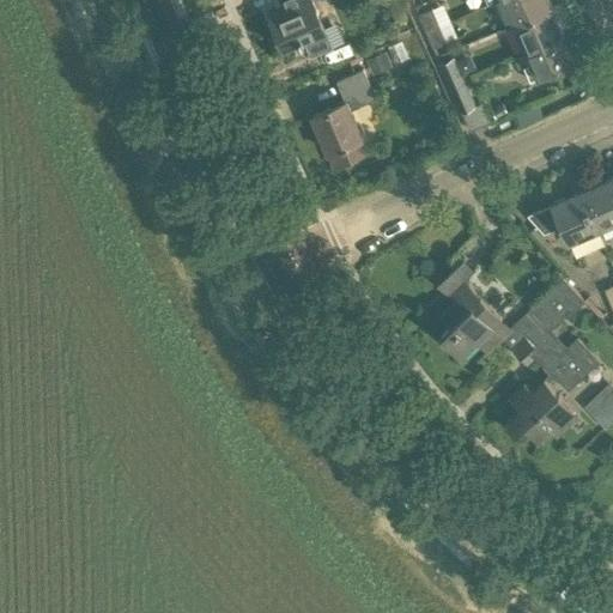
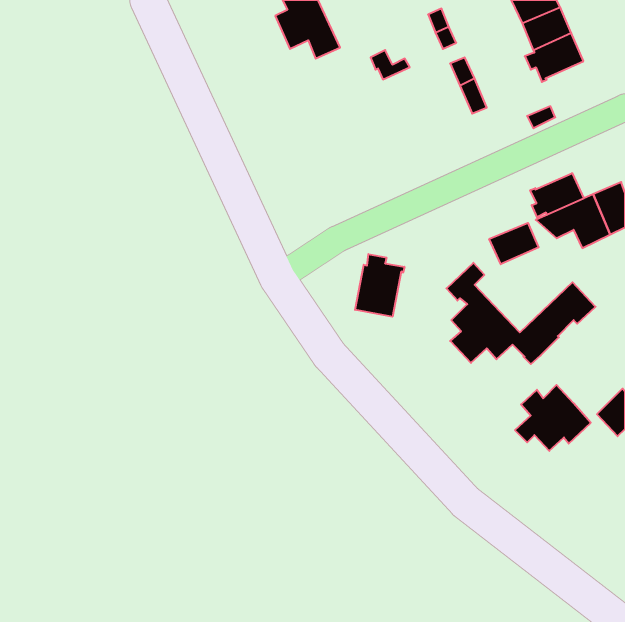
building: [311,71,375,168] -> none
building: none -> [530,173,584,217]
building: none -> [489,223,539,264]
building: none -> [355,254,404,317]
building: [529,333,597,392] -> none

